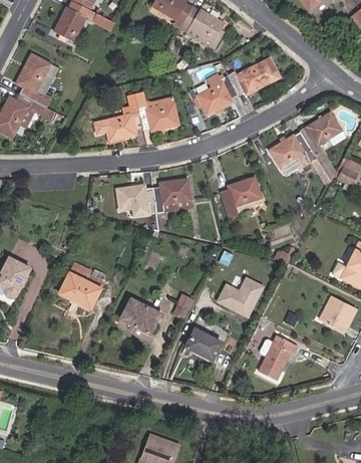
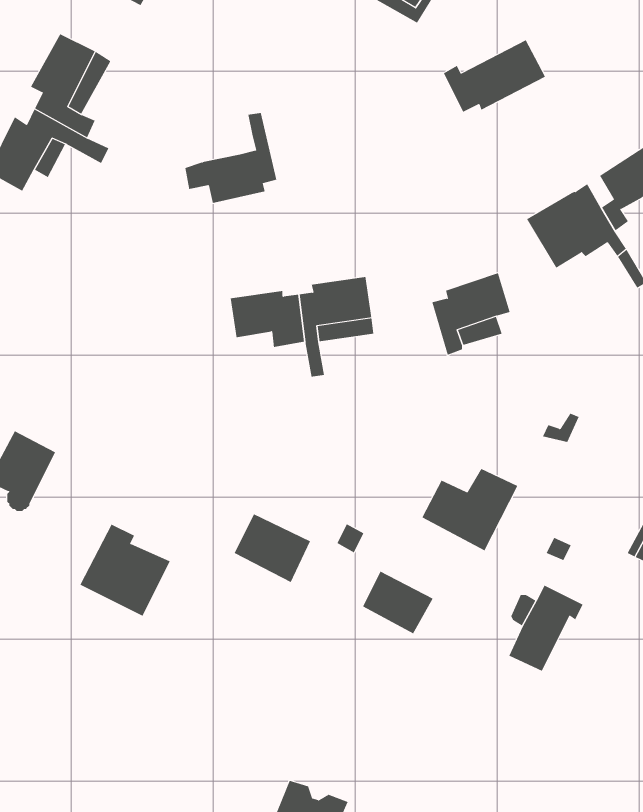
building: [194,72,237,113] -> none
building: [134,92,178,131] -> none
building: [58,261,104,308] -> [80,524,170,617]

